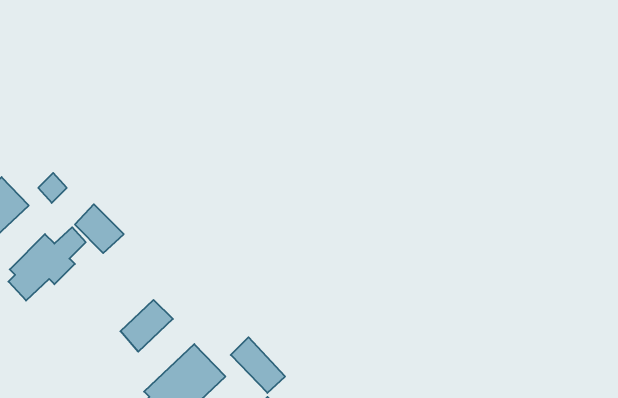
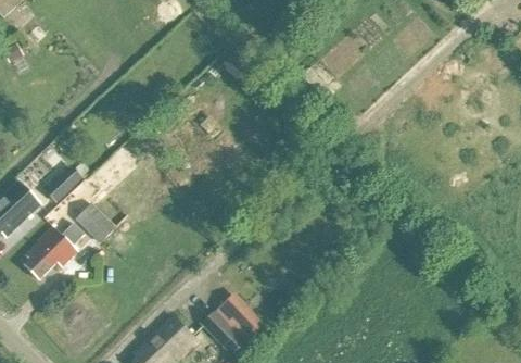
building: [120,300,173,352] -> none
building: none -> [217,291,265,340]

